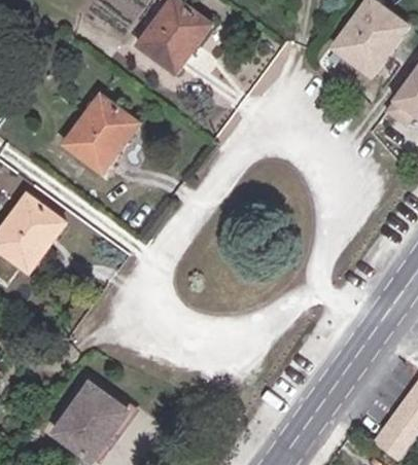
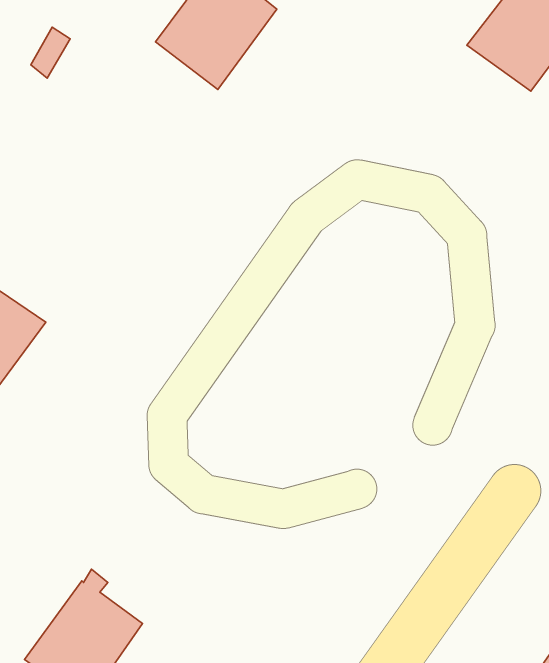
building: [63,94,139,173] -> none

